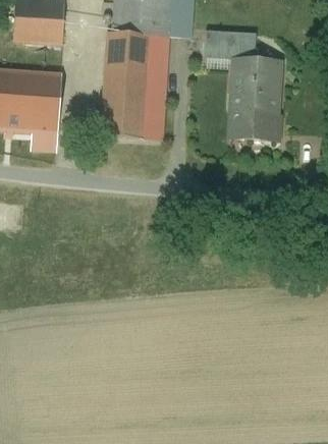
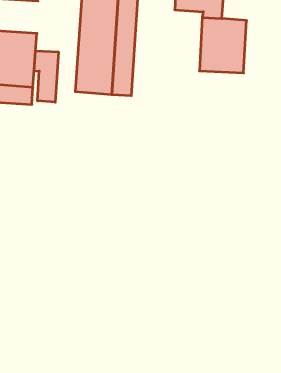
building: none -> [34,51,58,102]
building: [230,112,278,138] -> none

